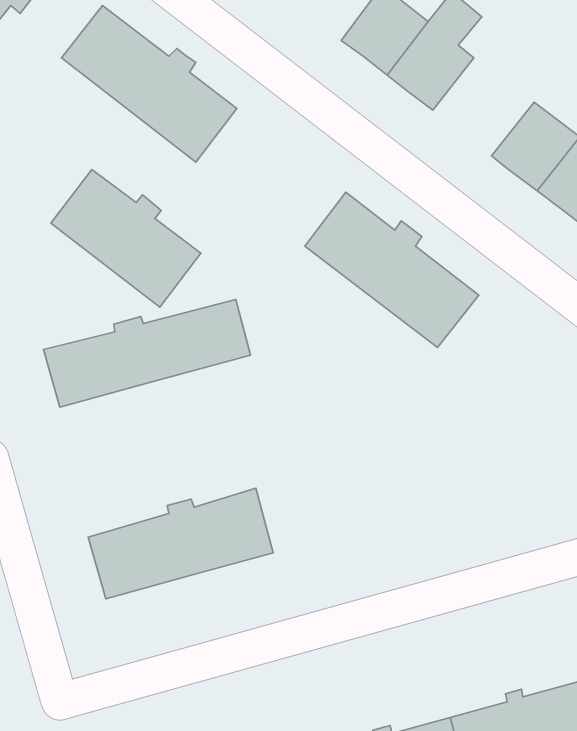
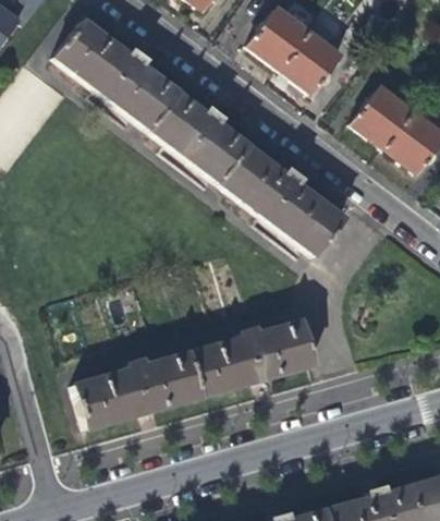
building: [51,169,201,307] -> [148,90,252,185]
building: [44,300,251,407] -> none
building: none -> [190,320,316,397]

